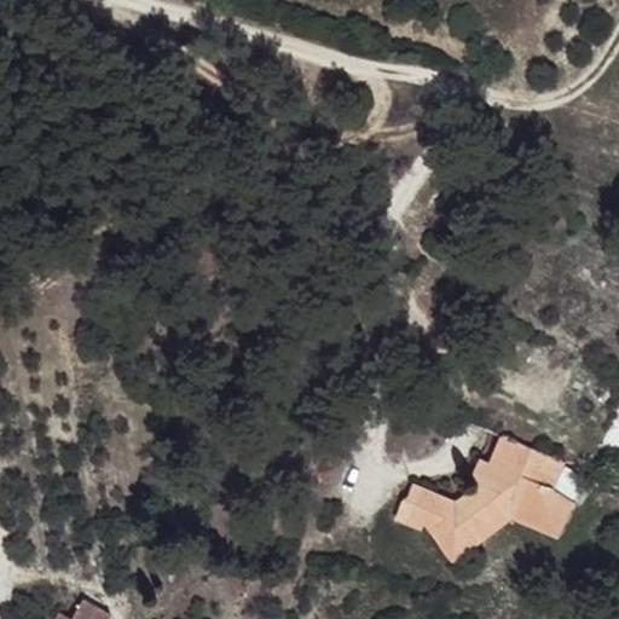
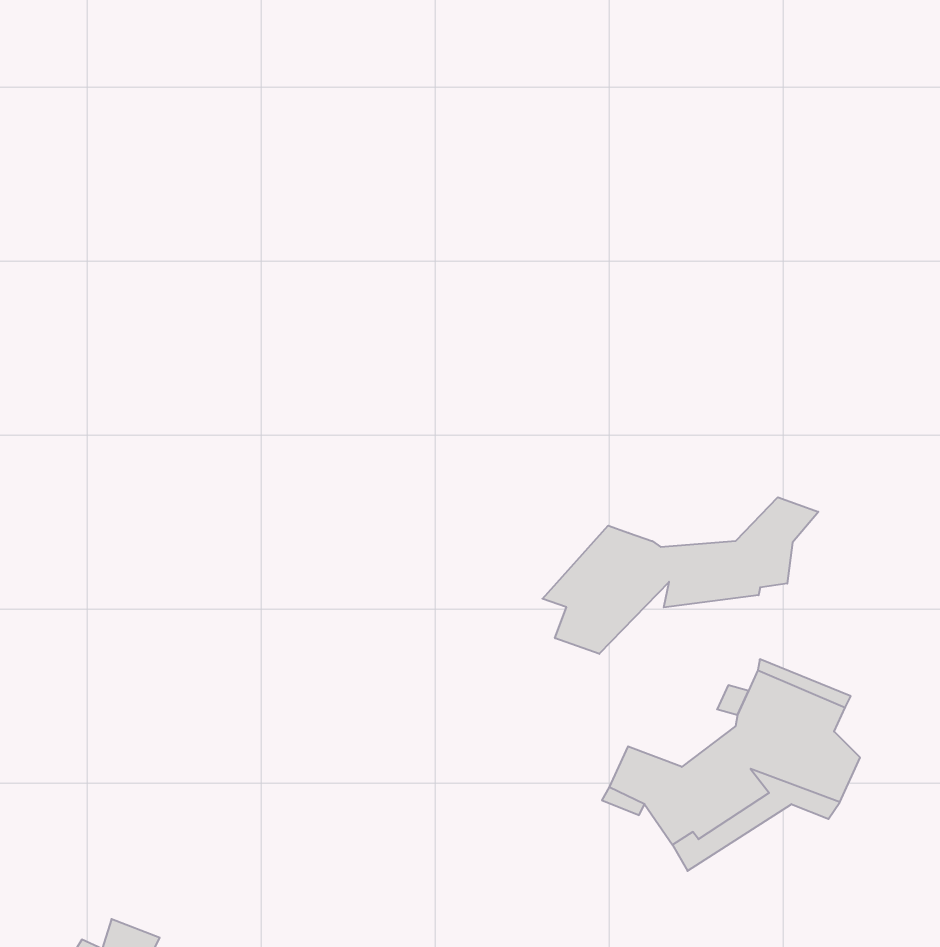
building: none -> [542,497,818,654]

